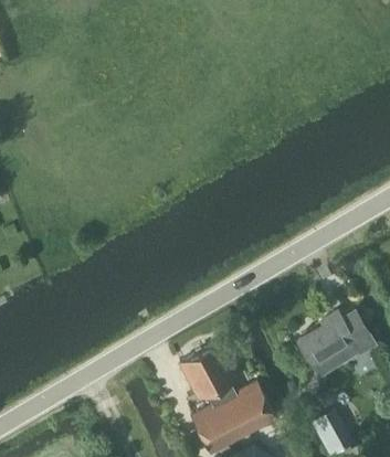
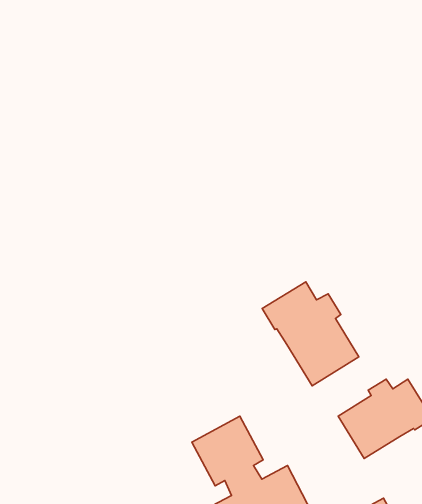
building: none -> [262,282,359,386]

